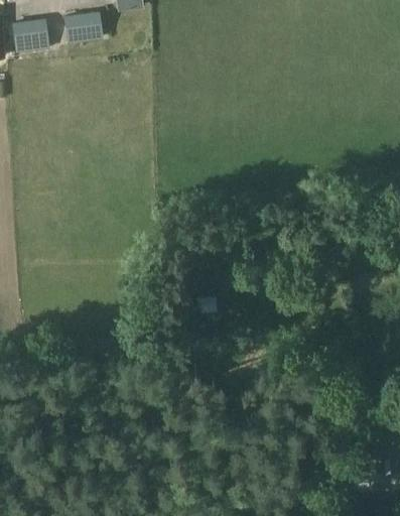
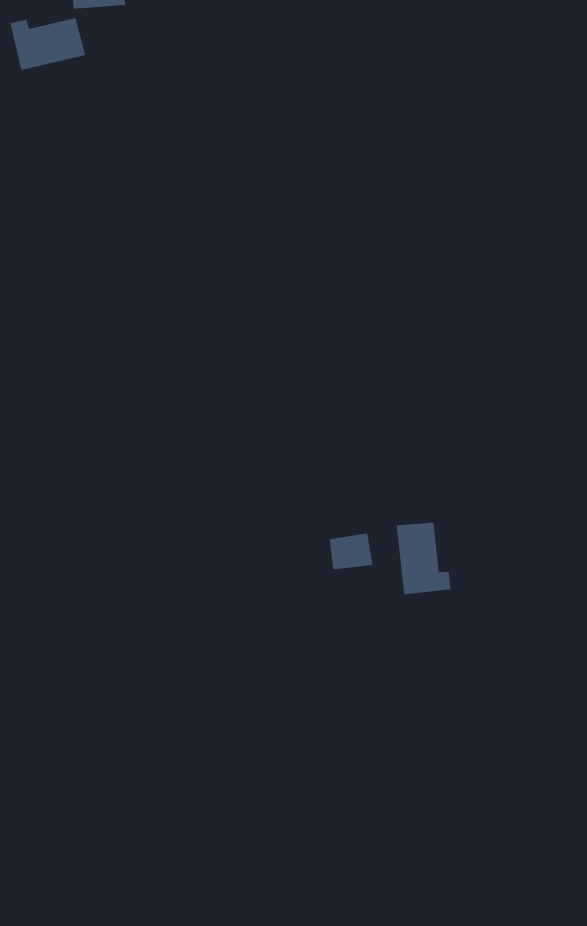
building: none -> [396,522,452,595]

